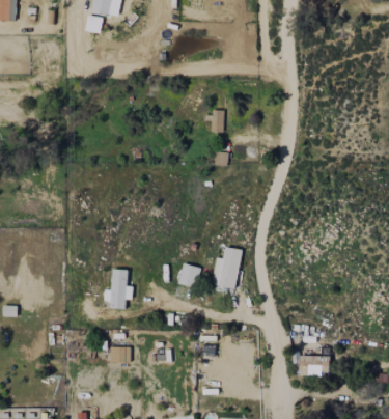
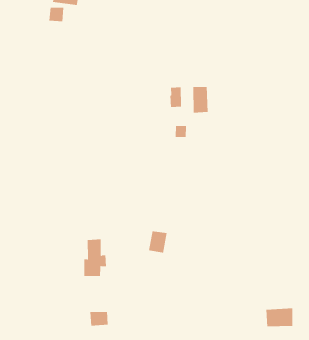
building: none -> [193,86,208,114]
building: [212,247,242,288] -> none

